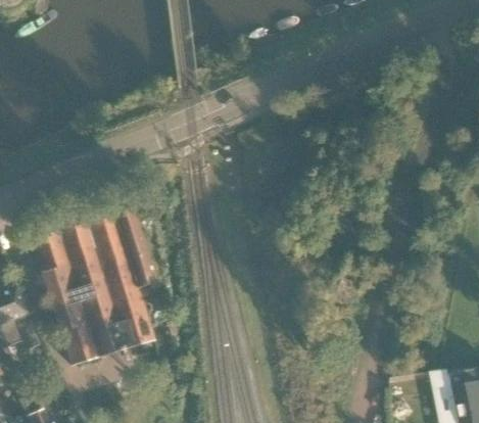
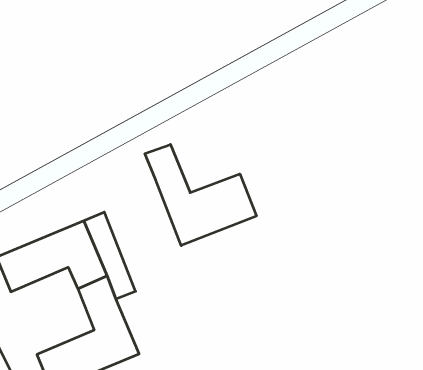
building: none -> [145,144,256,246]
building: [43,254,115,331] -> none

